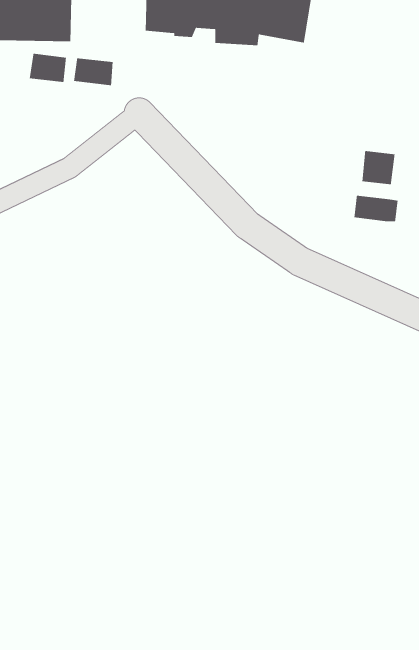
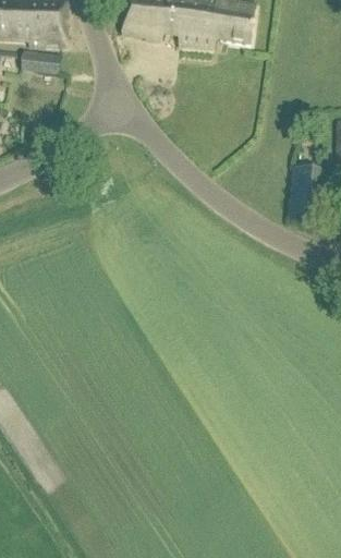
building: [73,58,113,86] -> none
building: [362,150,395,185] -> none

